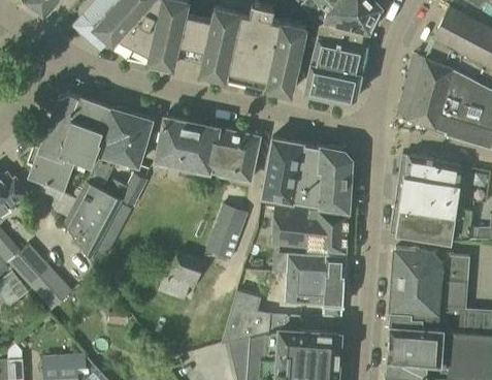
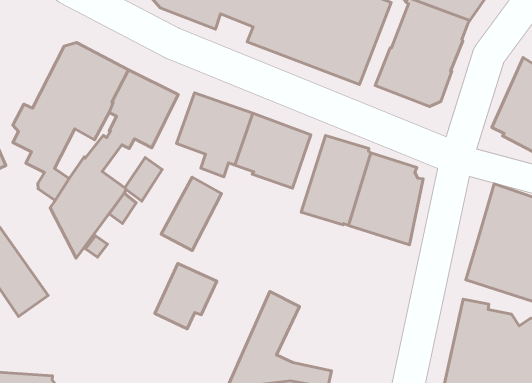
building: [205,203,248,260] -> [161,177,222,250]
building: [273,207,348,252] -> none
building: [286,255,348,317] -> none

